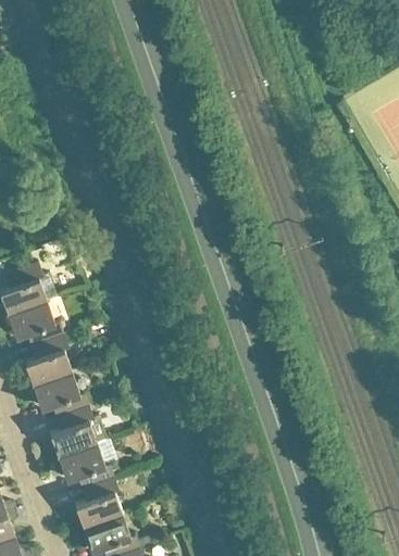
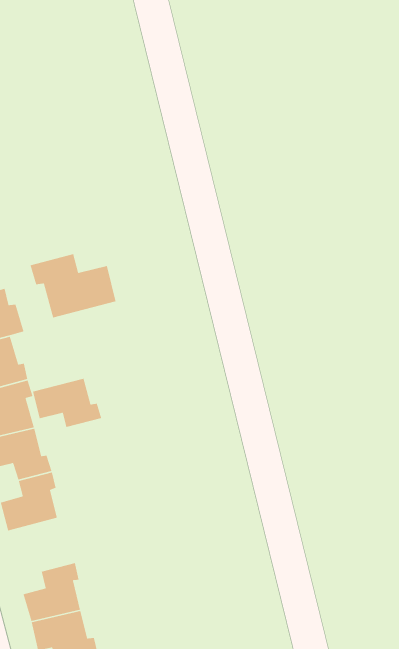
building: none -> [30,253,116,318]
building: none -> [32,378,102,428]
building: [58,446,114,490] -> none

